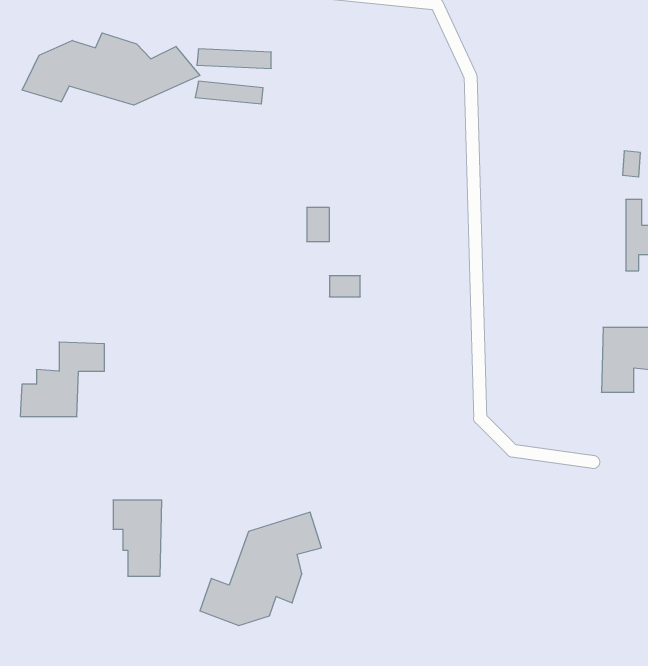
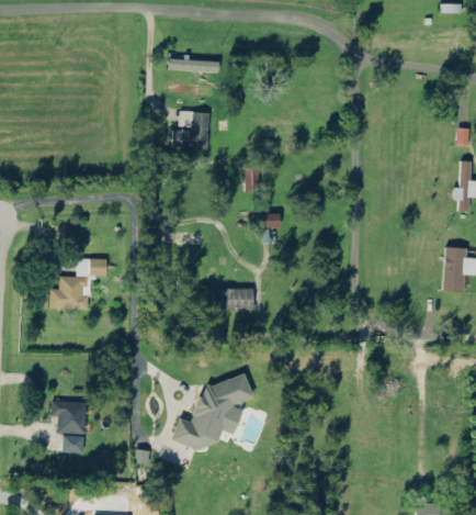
building: [22,33,200,105] -> none
building: none -> [173,110,209,149]
building: none -> [213,288,252,310]
building: [113,500,162,576] -> [52,401,84,452]

